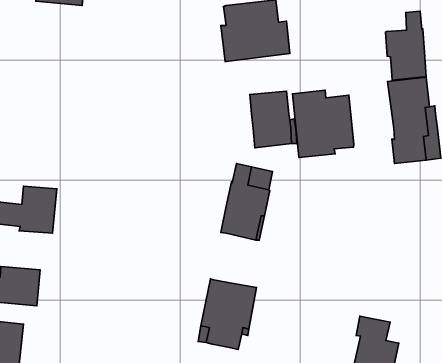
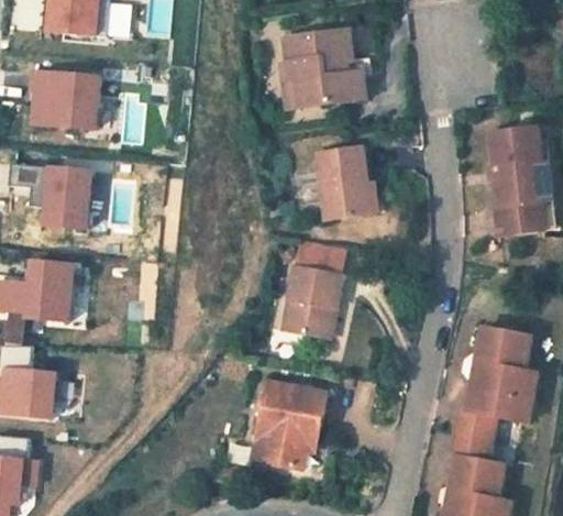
building: [385,11,426,80] -> none
building: none -> [31,73,100,131]
building: [292,90,354,158] -> none
building: none -> [8,165,92,230]
building: none -> [454,325,540,436]

